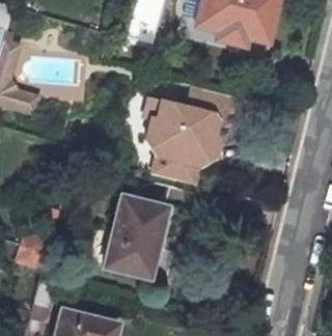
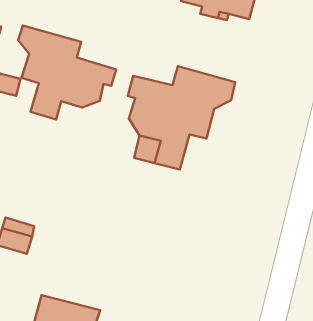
building: none -> [18,26,116,119]
building: [103,193,165,273] -> none

